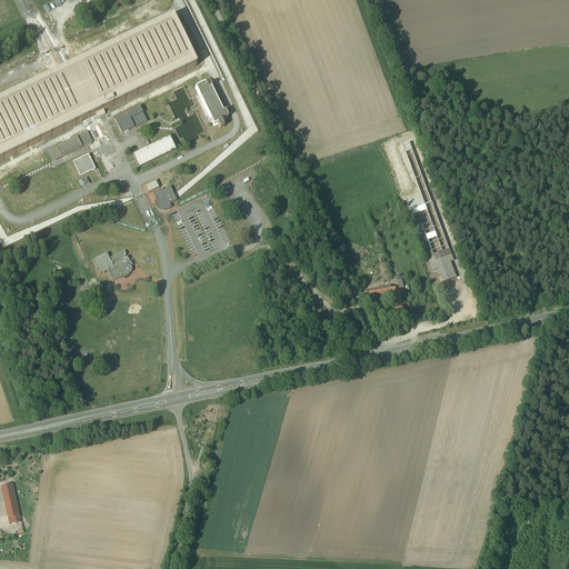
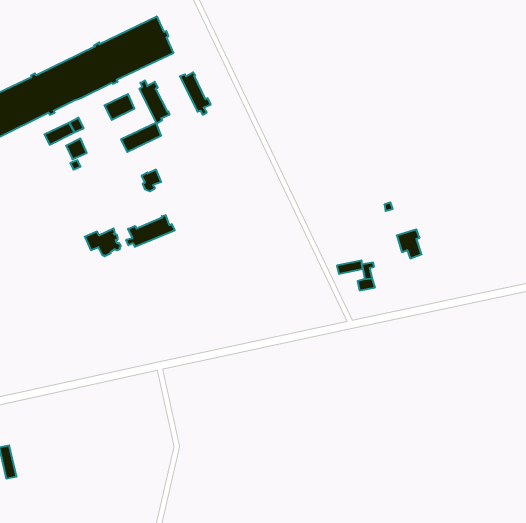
building: none -> [139,80,169,124]
building: none -> [126,215,175,247]

